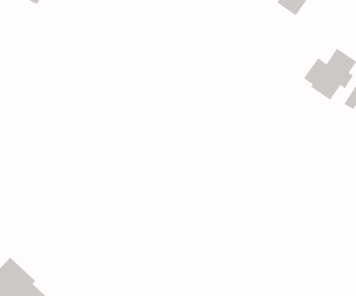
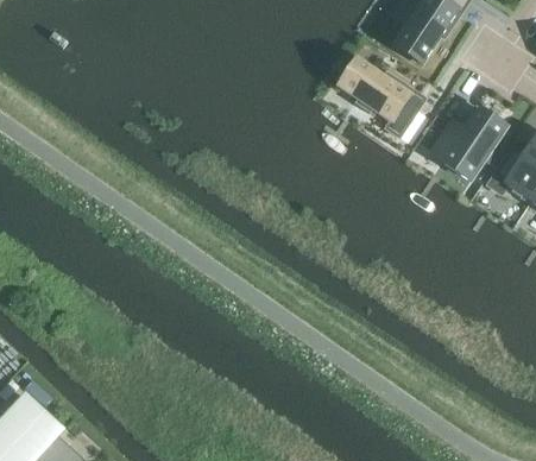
building: none -> [339,56,418,137]

